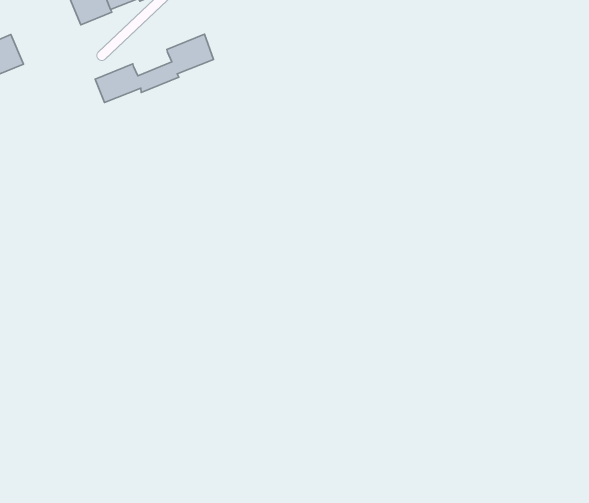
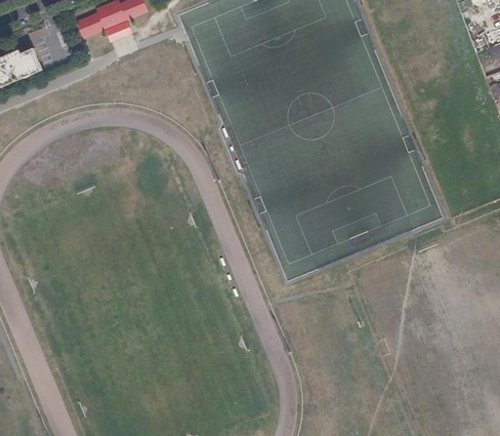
building: [95,34,213,102] -> none

